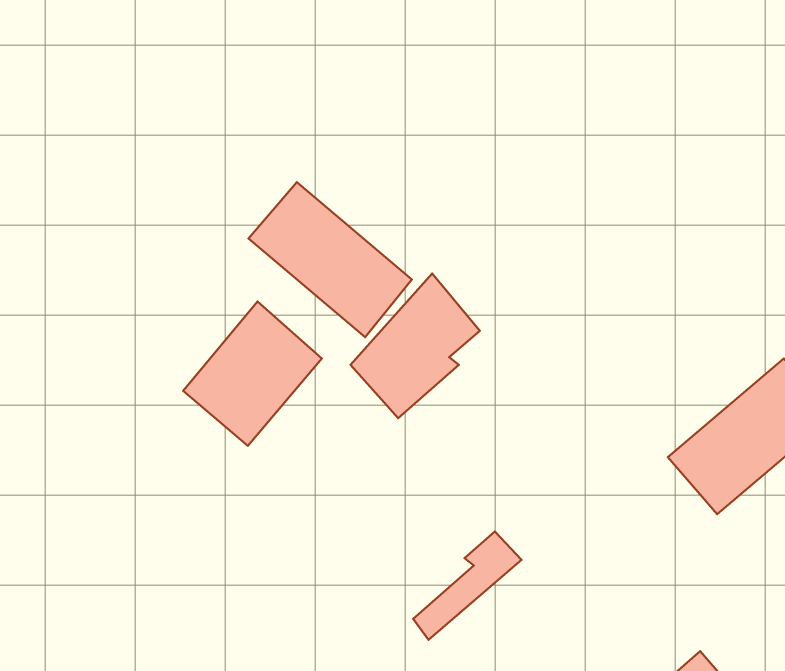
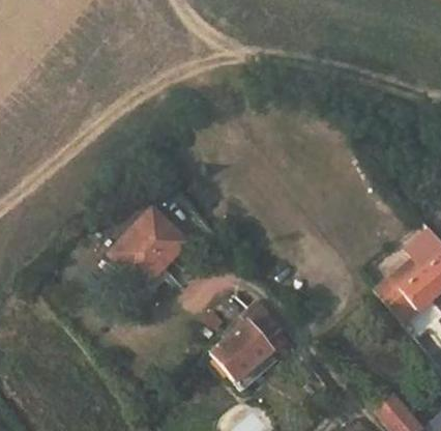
building: [249,182,412,337] -> none
building: [351,274,480,418] -> [209,299,280,378]

